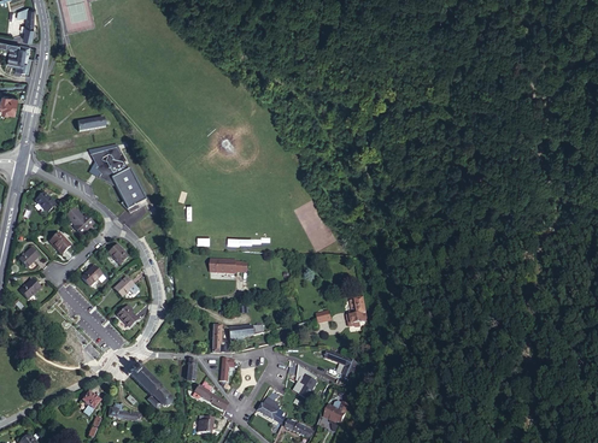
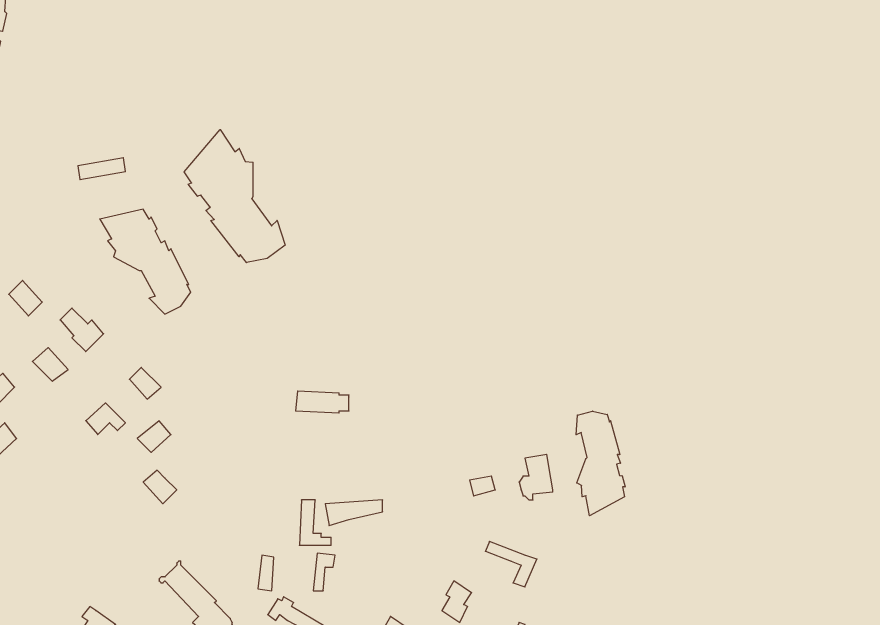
building: none -> [184,130,285,263]
building: none -> [576,411,625,516]

